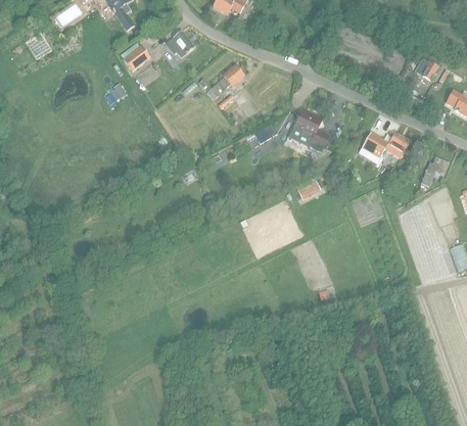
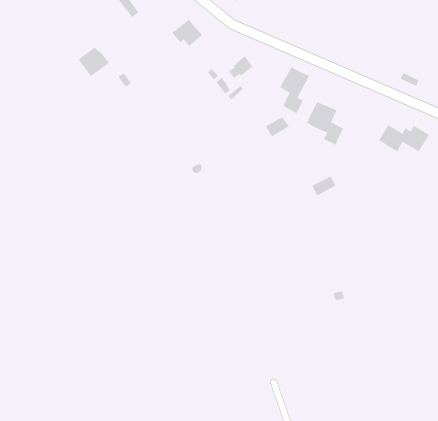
building: [121,42,151,70] -> [78,47,110,77]
building: none -> [279,66,309,114]

